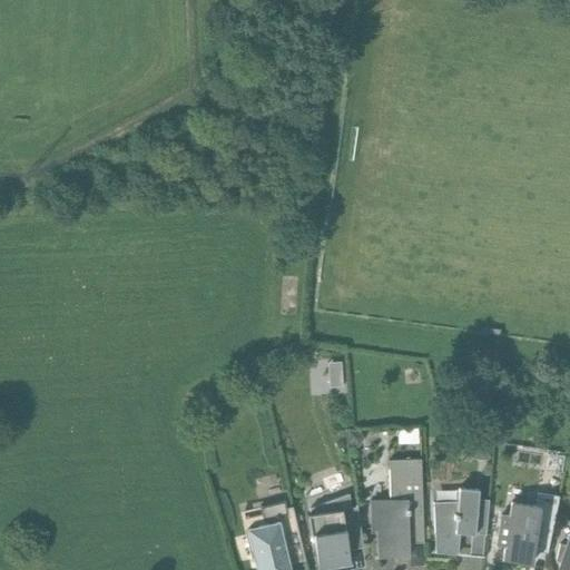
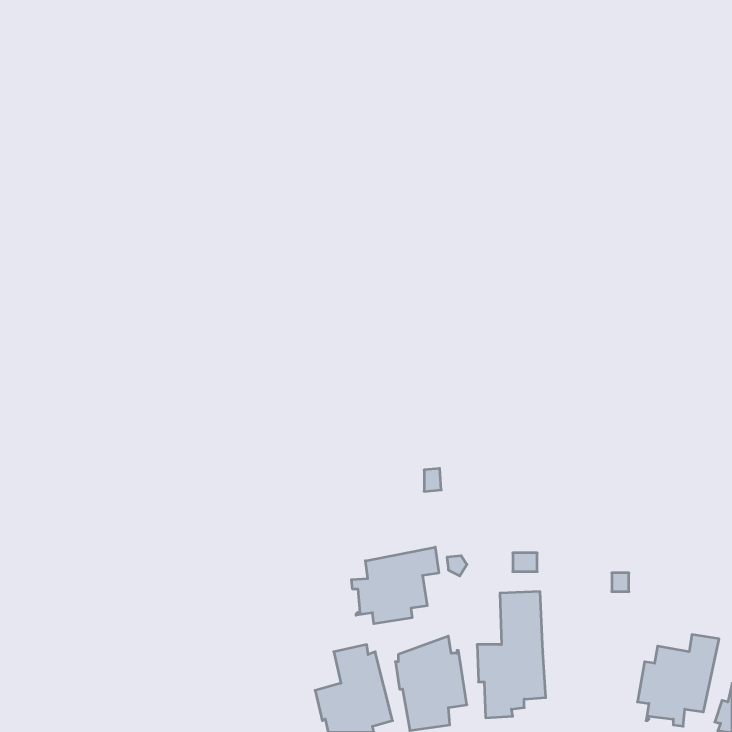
building: none -> [351,547,439,624]
building: [433,489,489,556] -> none

